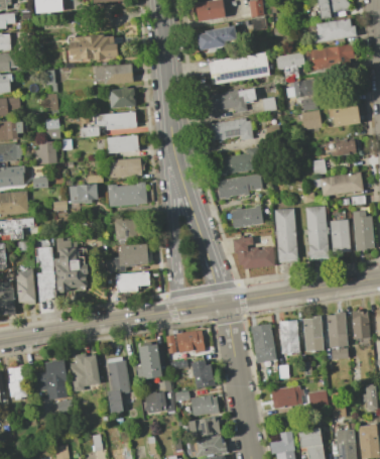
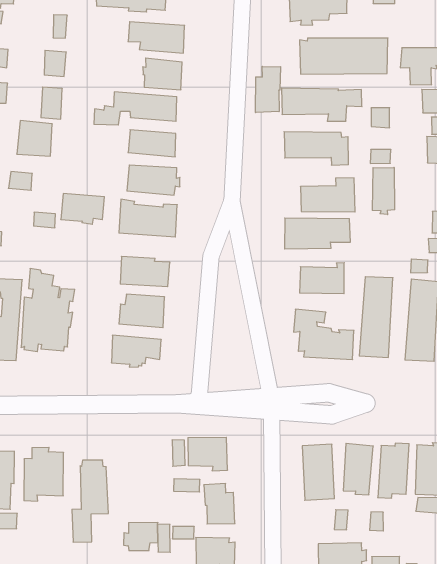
building: none -> [256,66,281,113]
building: none -> [372,167,395,215]
building: [136,343,162,379] -> none

